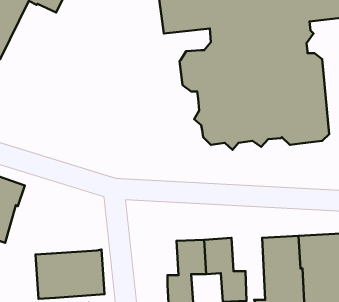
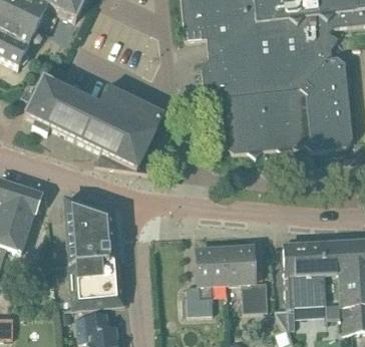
building: none -> [22,77,174,173]
building: none -> [64,201,115,264]

